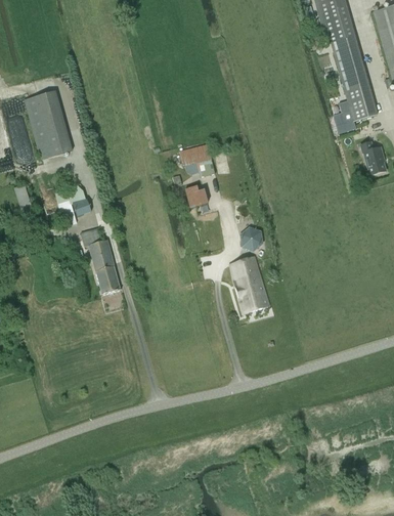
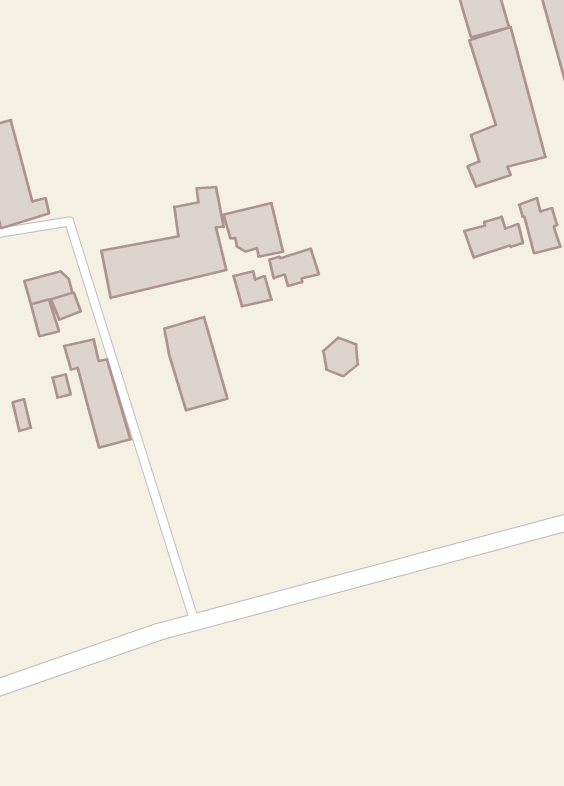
building: none -> [101,187,226,298]
building: none -> [464,217,523,258]
building: none -> [270,249,319,286]
building: [229,255,268,312] -> [164,317,227,410]

